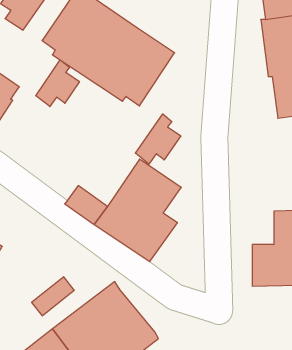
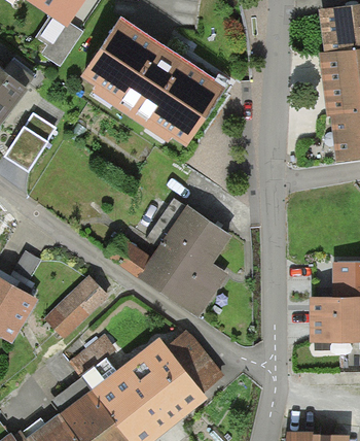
building: [36,60,79,107] -> none
building: [135,114,181,164] -> none
building: none -> [44,274,110,338]
building: none -> [166,329,225,393]

